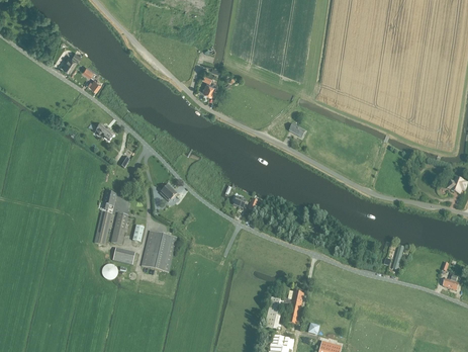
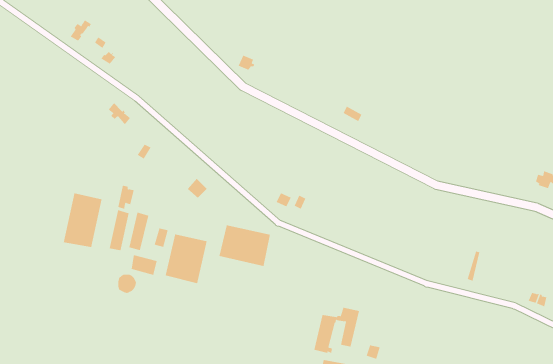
building: none -> [63,192,102,248]
building: none -> [219,224,270,267]

